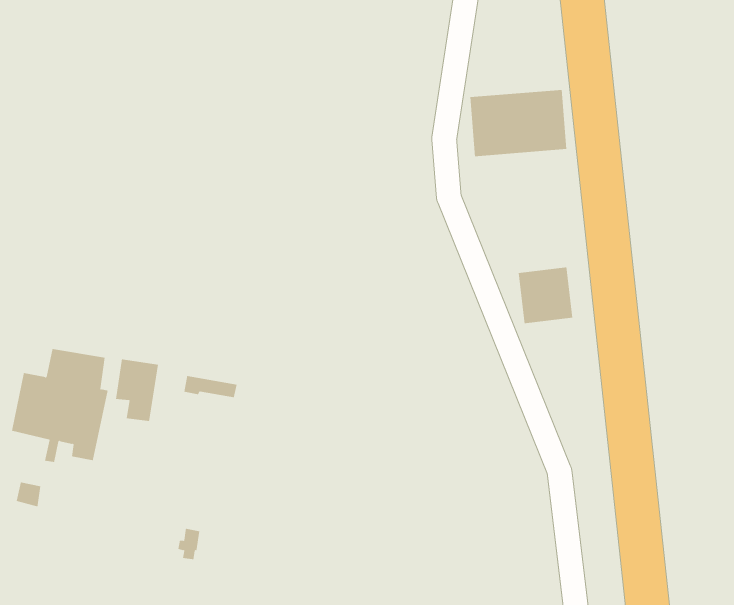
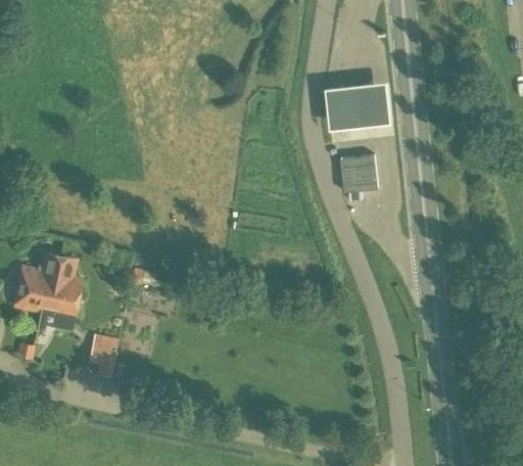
building: [518,267,573,324] -> [340,155,378,194]
building: [115,359,159,422] -> [88,336,117,379]

